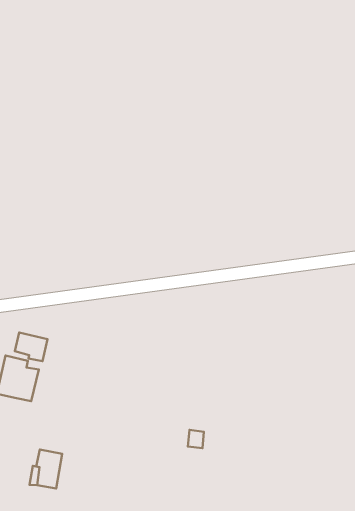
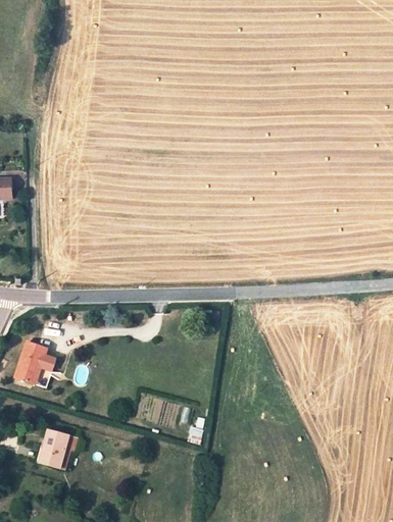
building: [15,333,48,361] -> none

